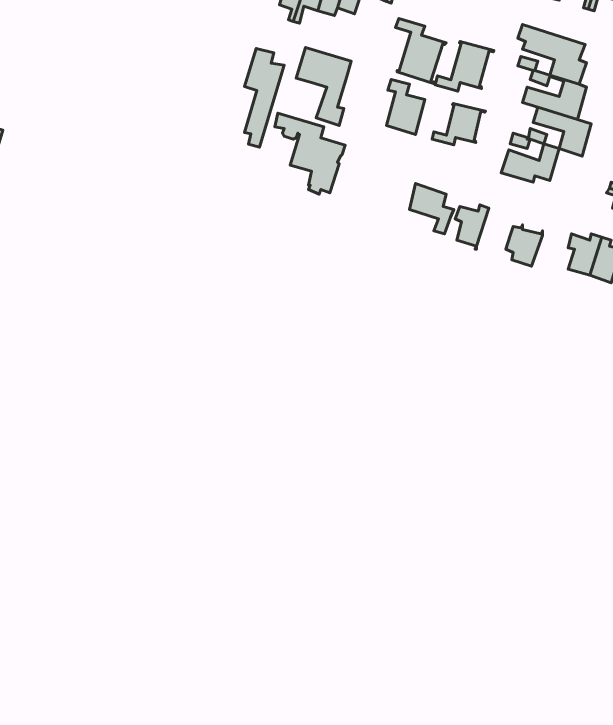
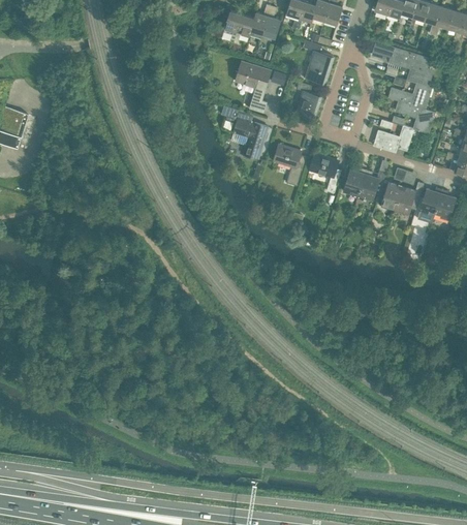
building: [435,42,494,91] -> none
building: [245,48,284,147] -> none
building: [432,103,485,145] -> none
building: none -> [274,144,304,185]
building: none -> [356,168,384,198]
building: none -> [394,181,423,212]

